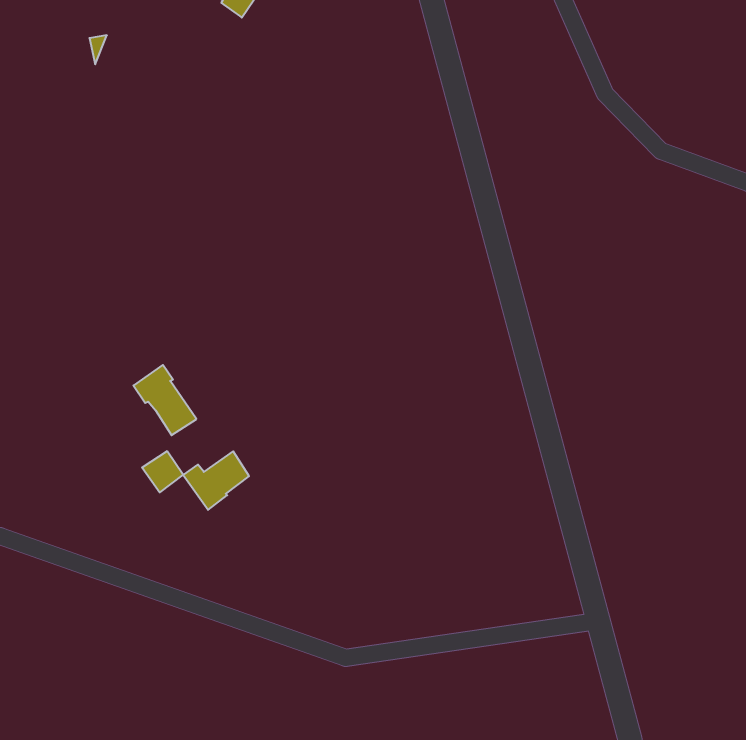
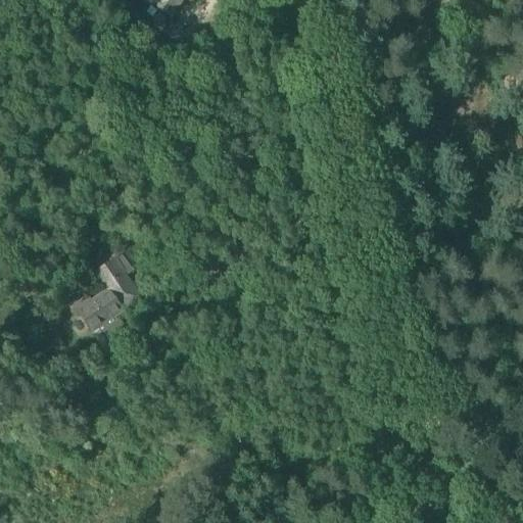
building: [183,451,249,510] -> [76,286,122,327]

